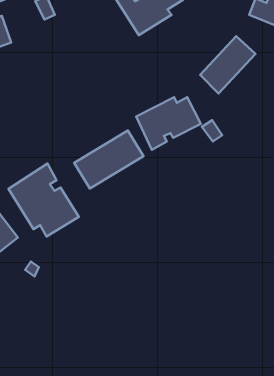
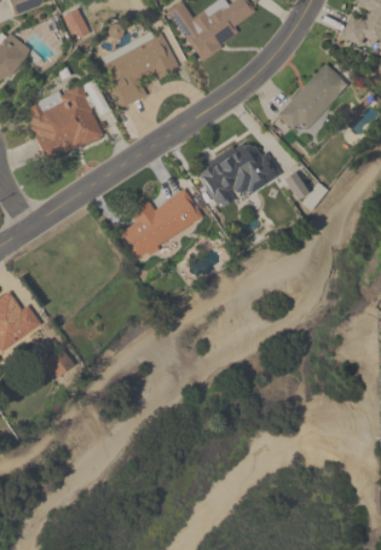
building: none -> [99,29,179,106]
building: none -> [23,83,103,161]
building: [9,164,79,236] -> none

